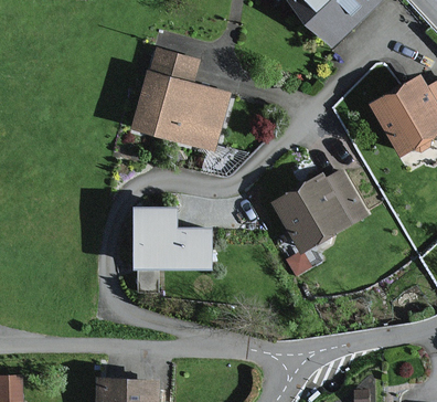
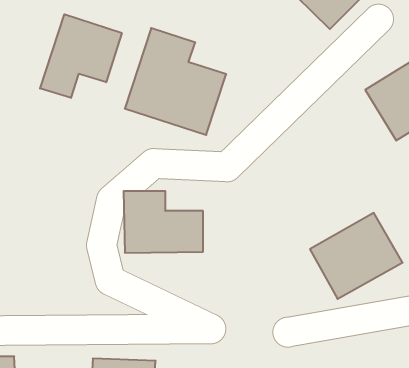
building: none -> [40,14,122,98]
building: [274,167,366,253] -> [310,213,403,299]

